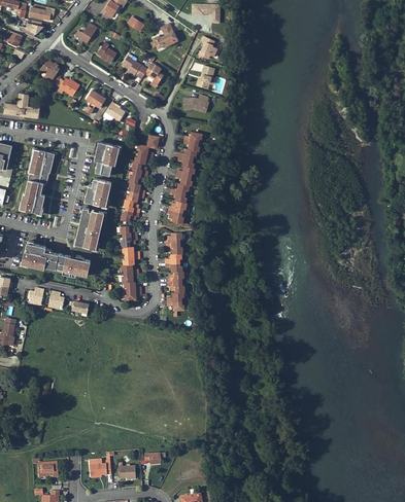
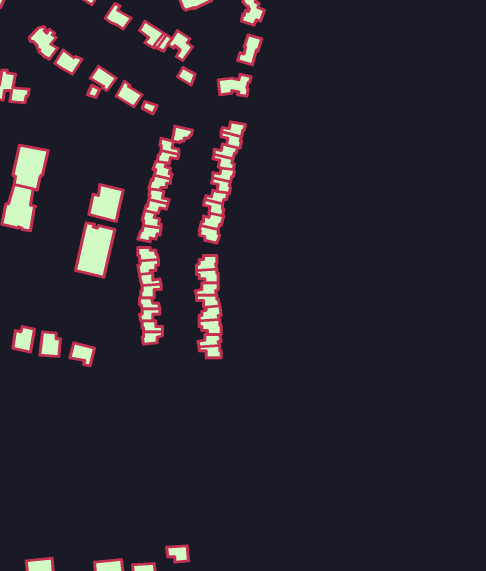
building: [94,142,119,176] -> none
building: [23,240,92,273] -> none

